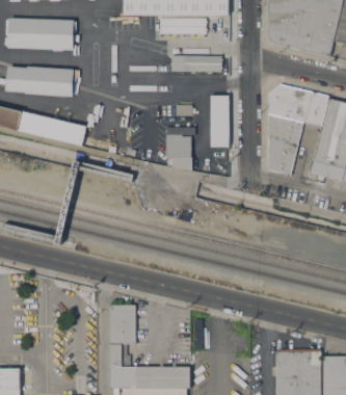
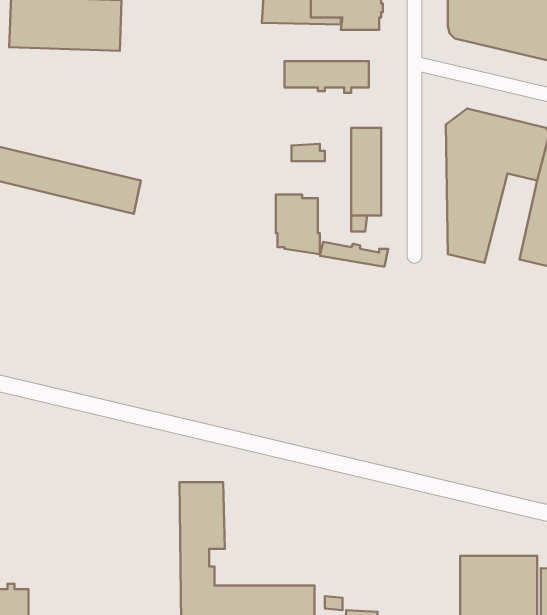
building: [7,65,75,97] -> none

